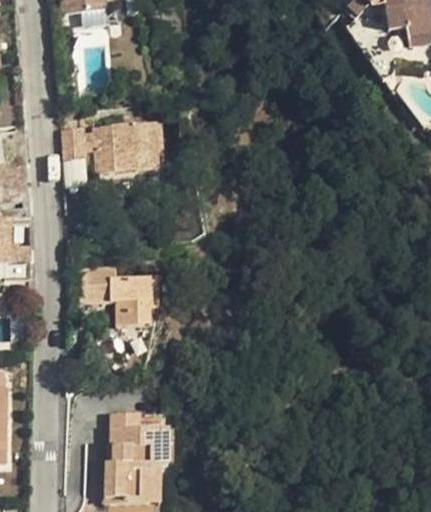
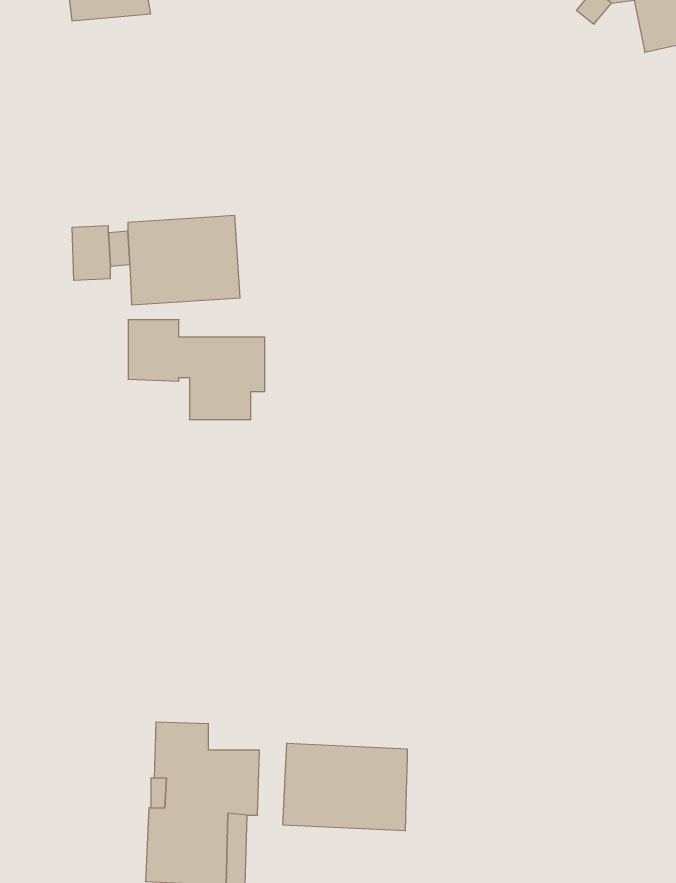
building: [80,268,158,325] -> [128,320,265,420]
building: none -> [283,743,407,831]

